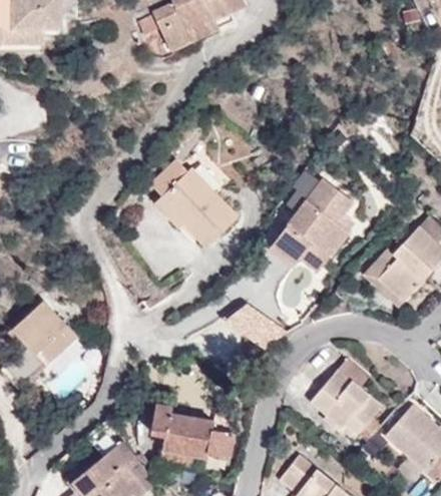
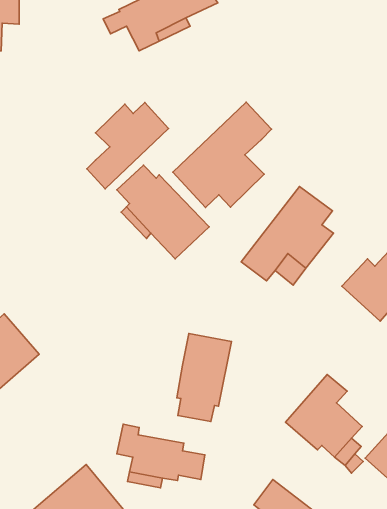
building: none -> [173,102,272,207]
building: none -> [87,102,168,189]
building: none -> [177,333,232,422]

